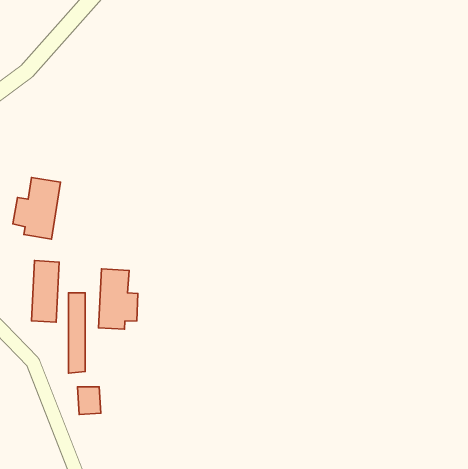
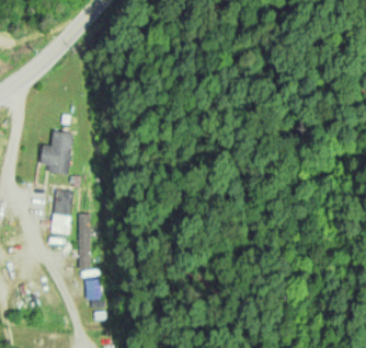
building: [98,269,138,329] -> none

